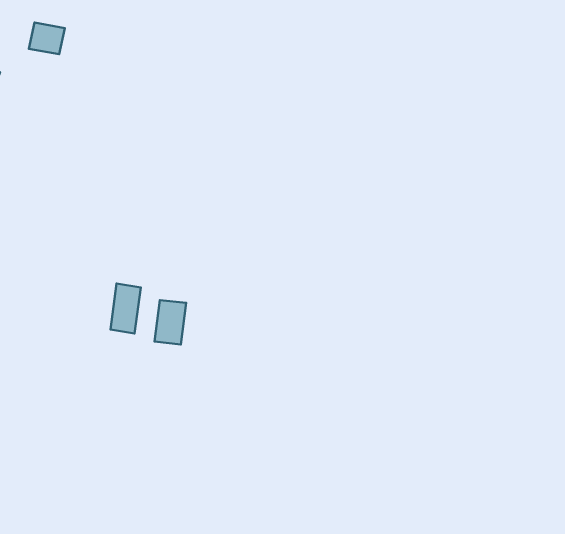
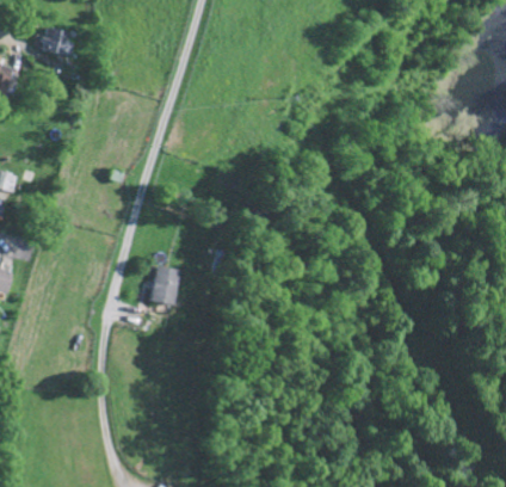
building: [110,284,141,333] -> none

